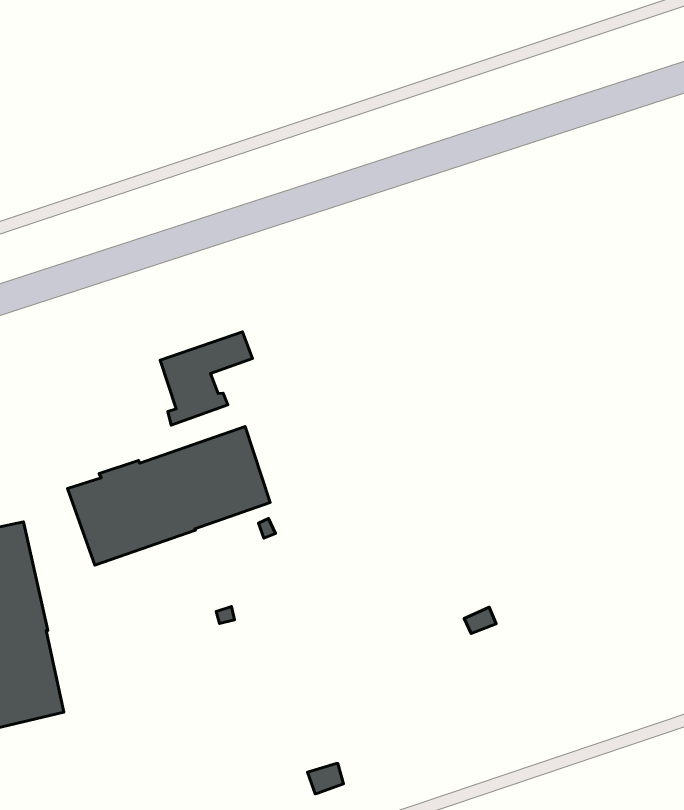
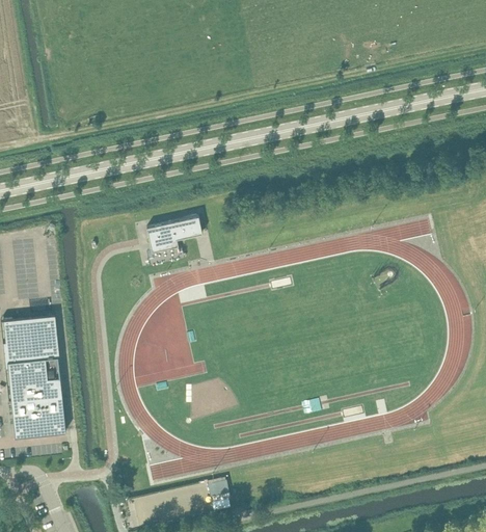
building: [68,426,270,565] -> none

